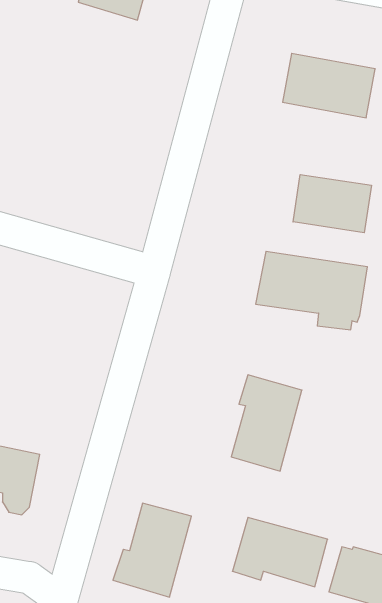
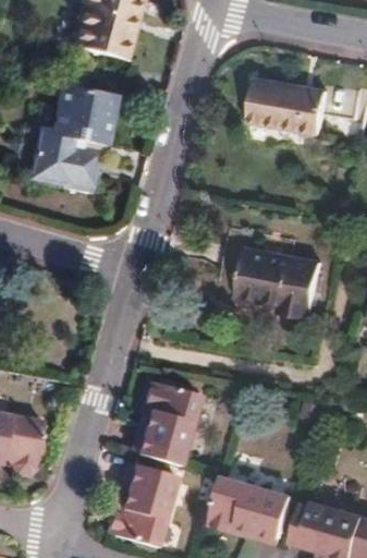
building: none -> [32,85,114,192]
building: [293,175,371,233] -> none
building: [231,375,302,471] -> [136,384,196,465]

